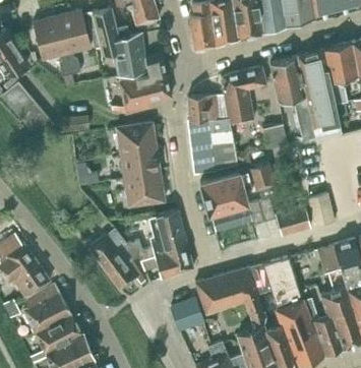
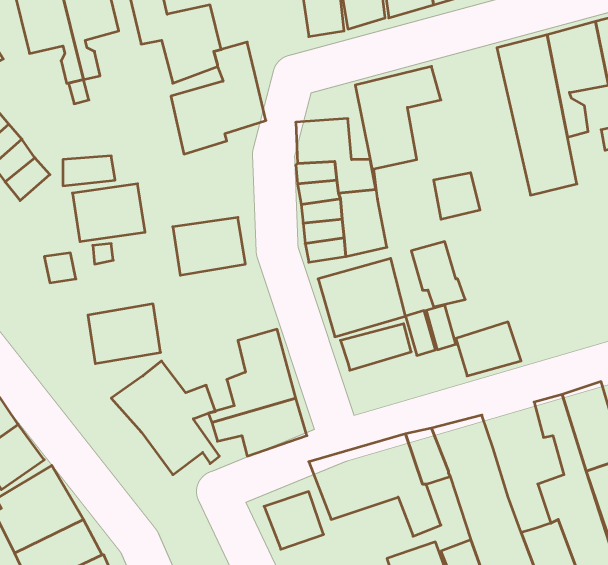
building: [269,56,314,140] -> none
building: [116,122,156,154] -> [72,184,145,242]
building: [124,174,164,206] -> [88,304,161,364]
building: [308,193,333,225] -> none

